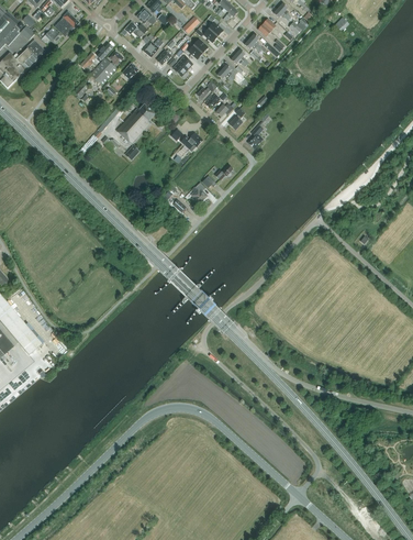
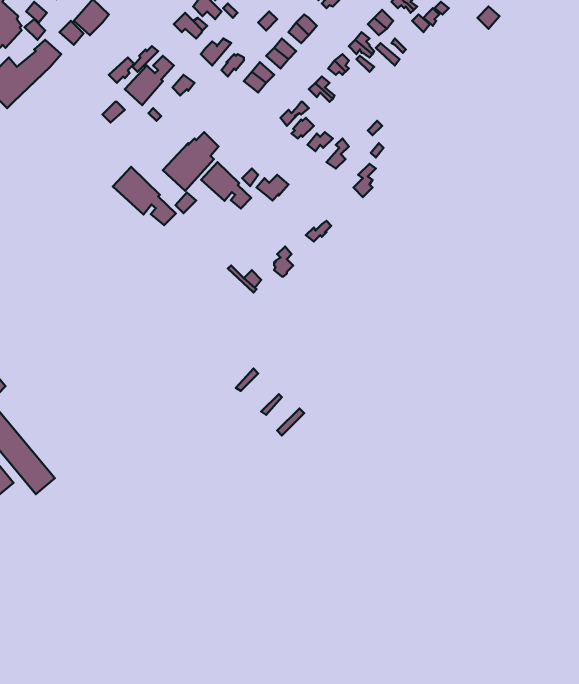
building: none -> [201,162,251,208]
building: none -> [113,167,176,225]

